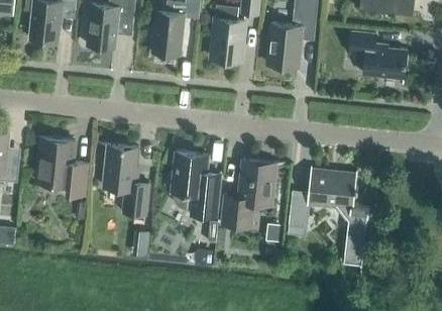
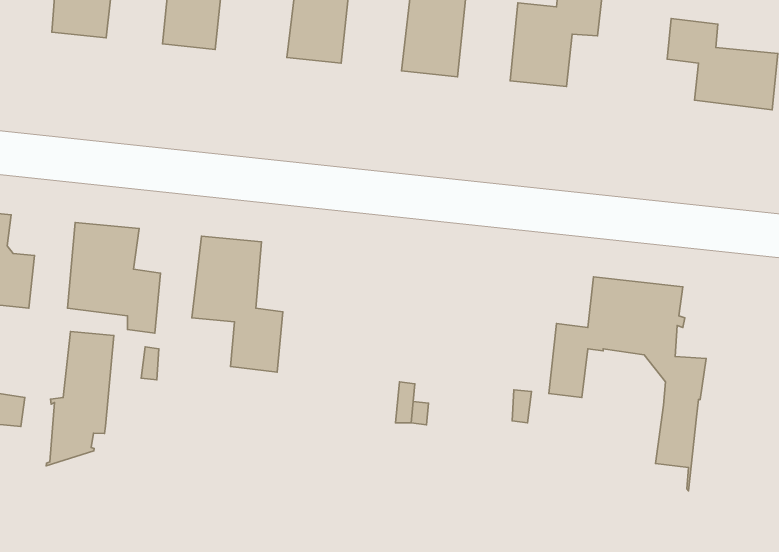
building: [172,152,220,217] -> none
building: [221,160,275,229] -> none
building: none -> [46,332,114,466]

